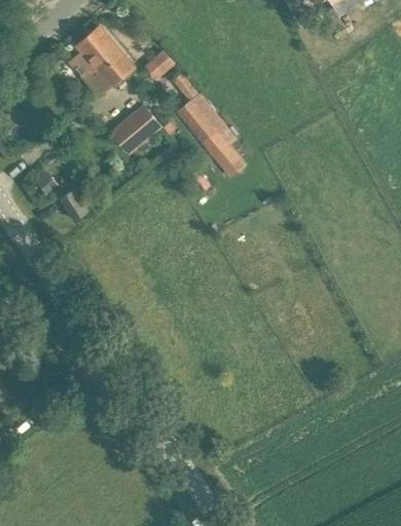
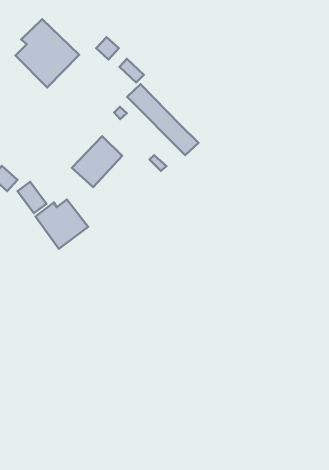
building: [111,103,162,153] -> [72,136,122,187]
building: none -> [35,200,88,249]

